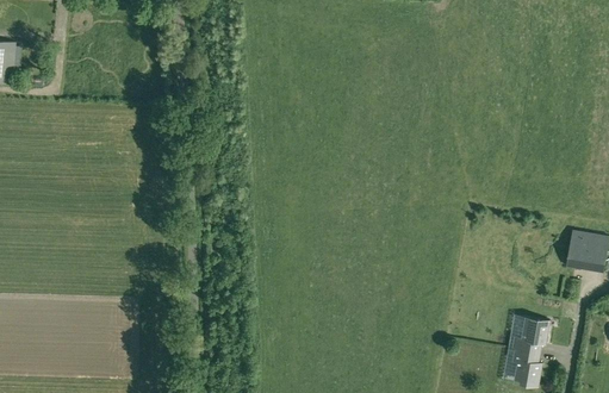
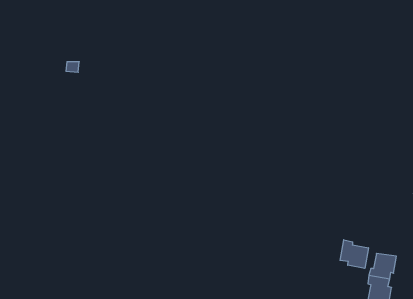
building: none -> [340,240,368,268]

